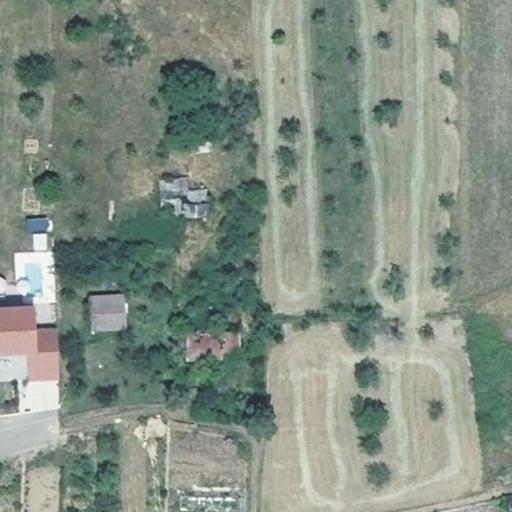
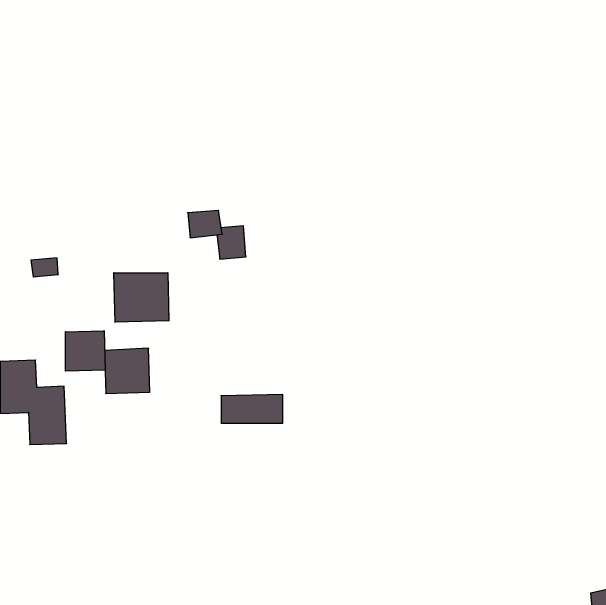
building: none -> [114,273,169,322]
building: none -> [66,331,105,371]

